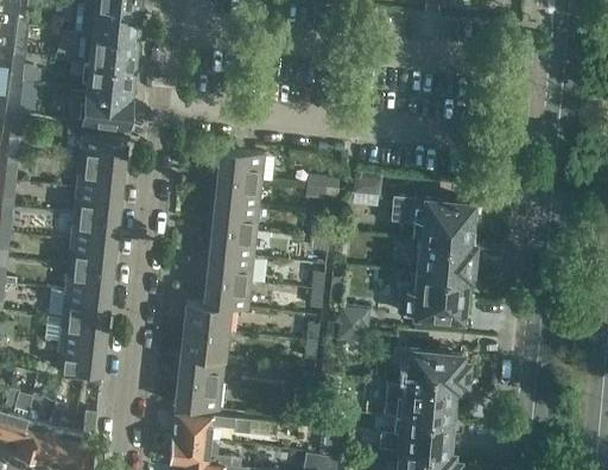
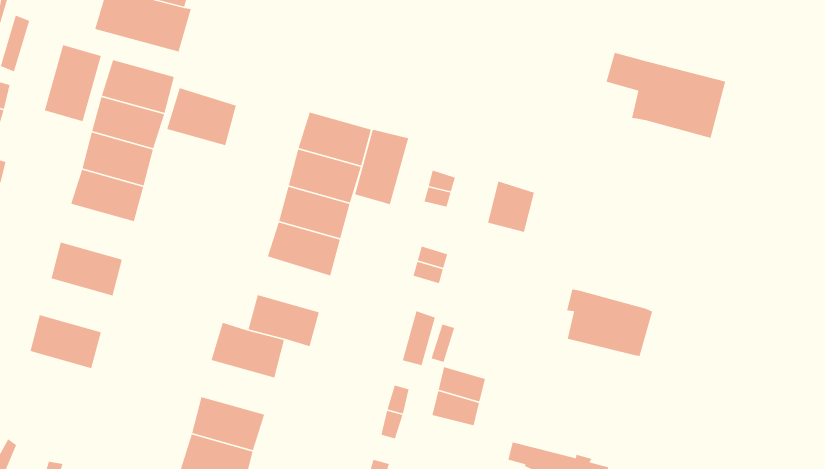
building: none -> [44,44,102,122]
building: none -> [166,87,237,146]
building: none -> [354,129,409,205]
building: [392,198,473,246] -> [605,52,726,139]
building: [69,241,116,272] -> none
building: [207,254,254,285] -> none
building: [405,275,466,320] -> none
building: [48,292,110,323] -> none
building: [180,330,228,360] -> none
building: [57,344,104,375] -> none

